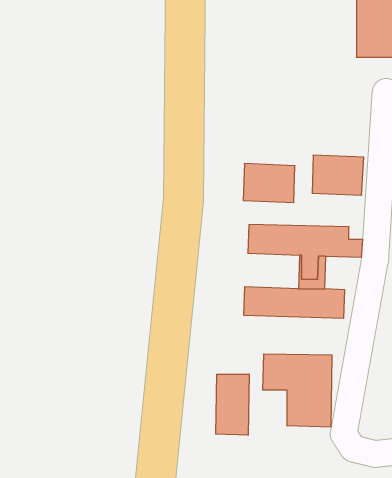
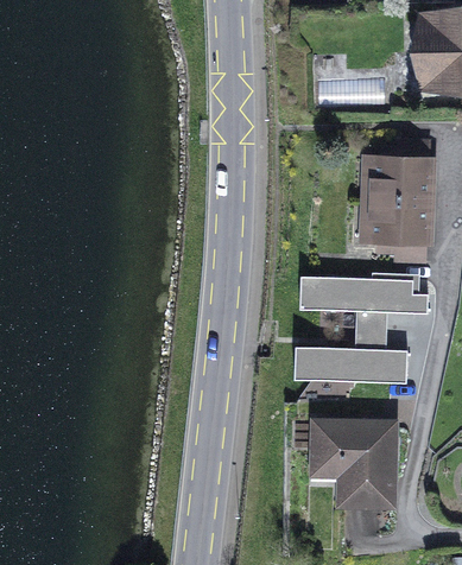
building: [243,164,295,203] -> [372,157,430,201]
building: [216,374,249,435] -> none

